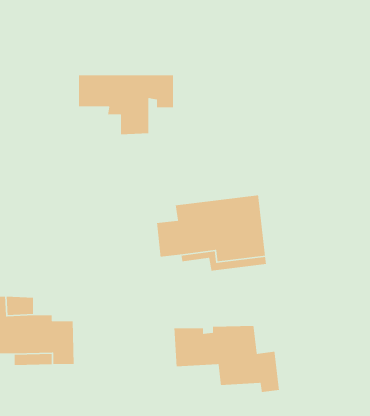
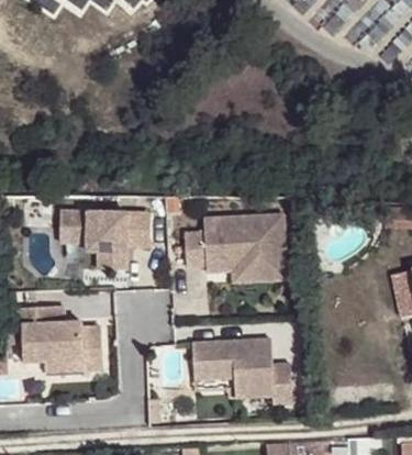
building: [78,75,174,135] -> [57,213,147,270]

